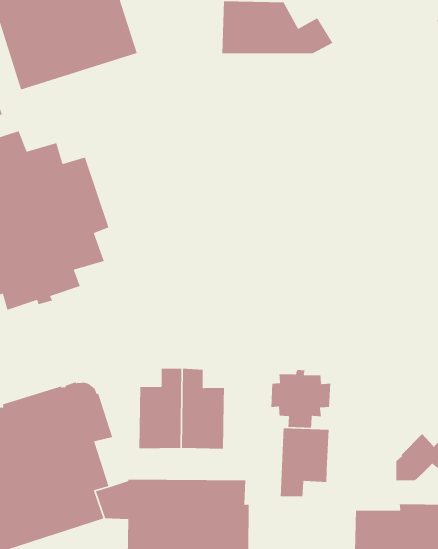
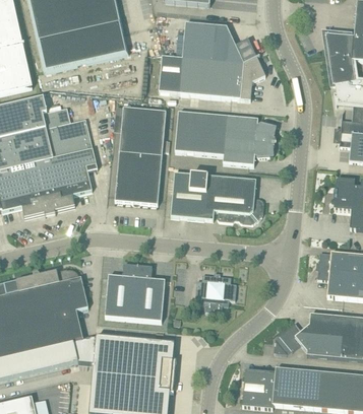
building: none -> [159,55,265,98]
building: none -> [175,111,276,164]
building: none -> [114,107,167,204]
building: none -> [171,171,263,222]
building: [280,428,329,497] -> none

